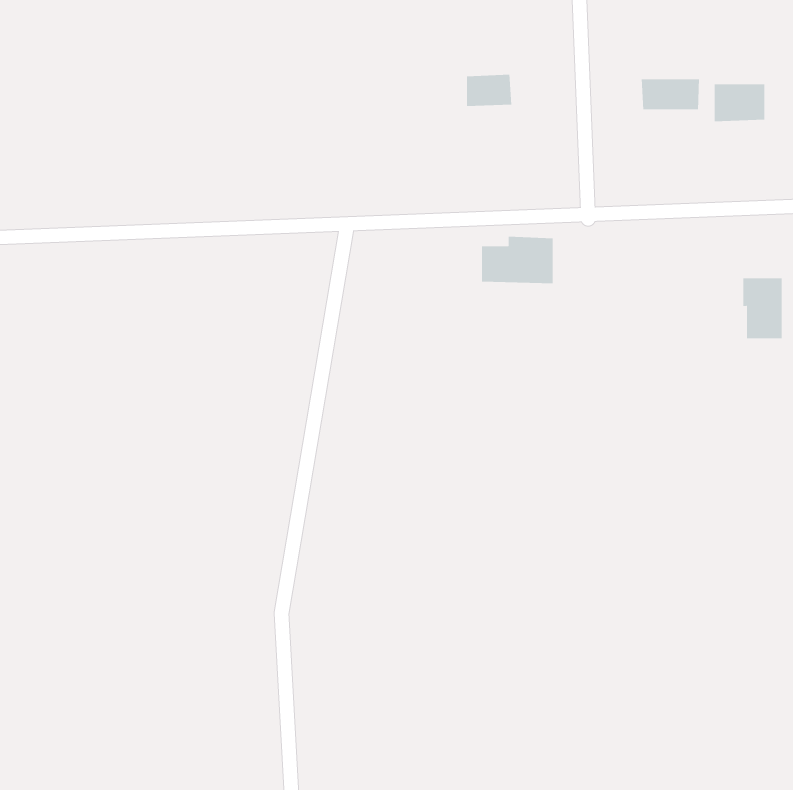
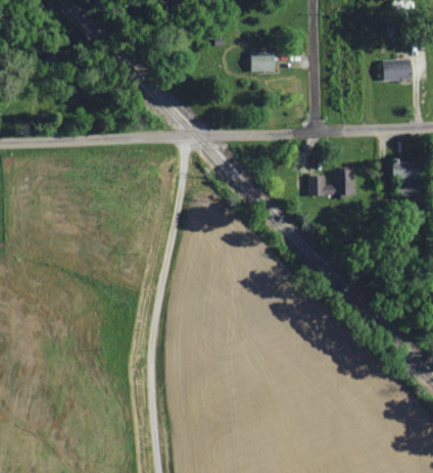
building: [641,78,699,110] -> none
building: [481,236,554,284] -> [309,170,348,195]

